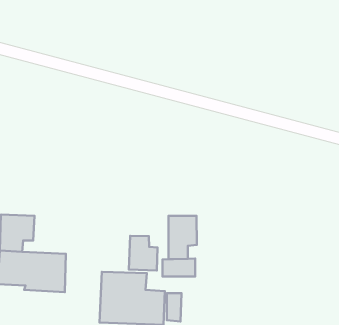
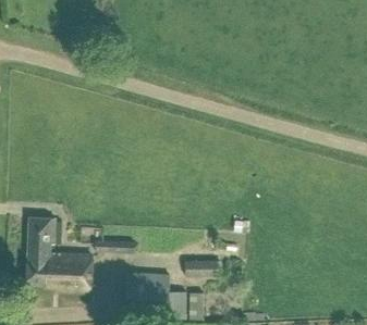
building: [168,216,197,259] -> none
building: [129,236,158,271] -> none

